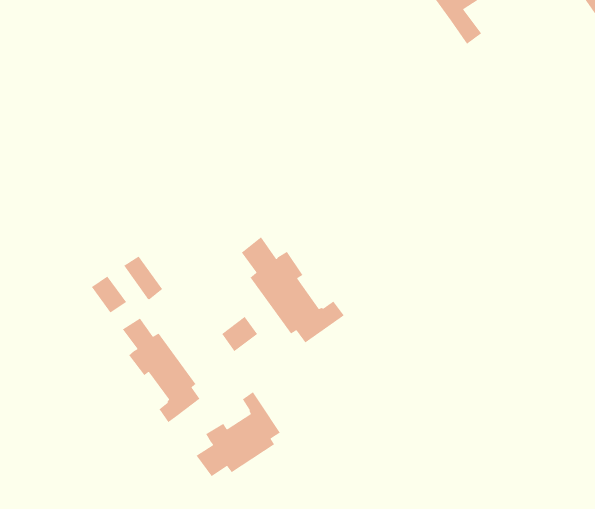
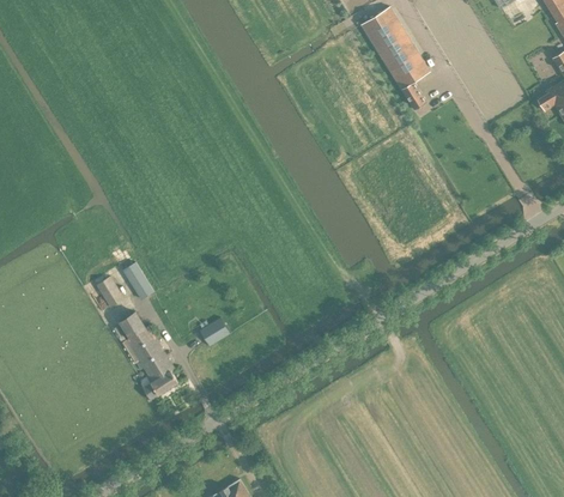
building: [241,236,345,343] -> none
building: [195,391,281,477] -> none

